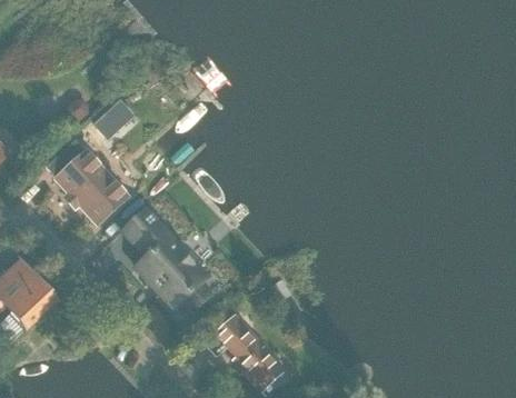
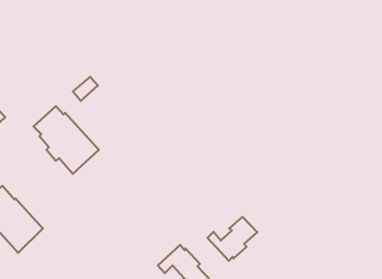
building: [127,209,211,312] -> none
building: none -> [207,217,257,261]

